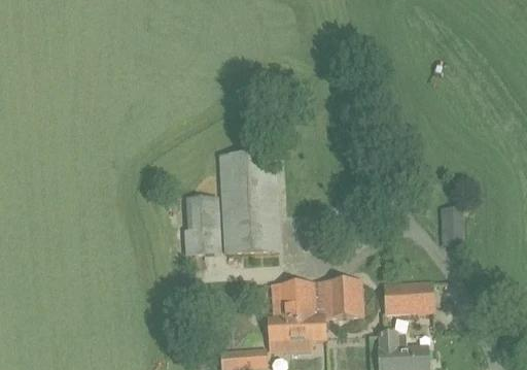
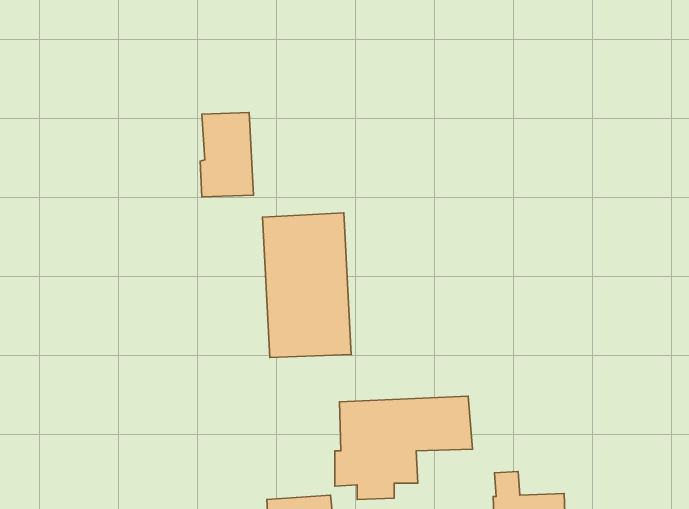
building: [184,197,221,256] -> [200,113,254,197]
building: [441,208,464,246] -> none
building: [384,282,434,314] -> none

